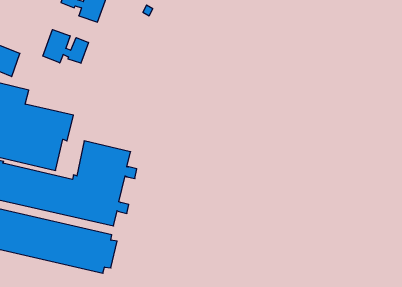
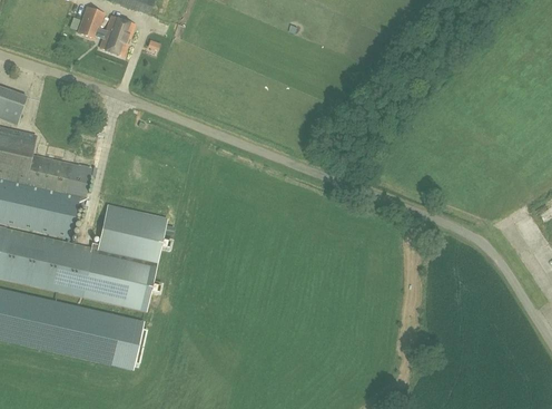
building: [43,30,88,63] -> none

